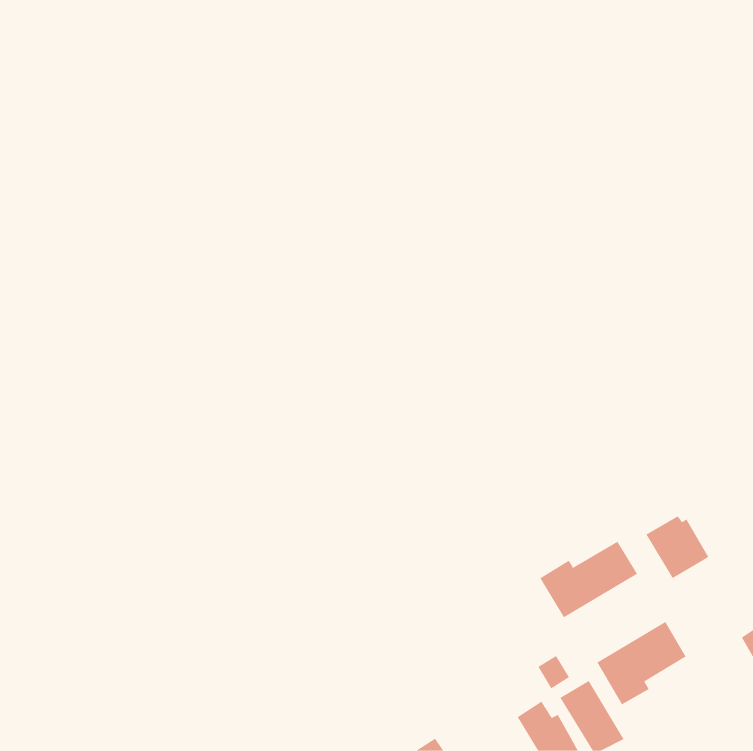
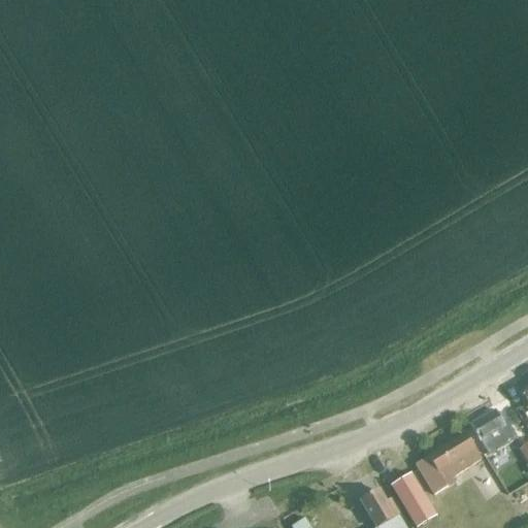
building: [646,515,709,579] -> [472,409,517,454]
building: [539,541,638,618] -> none

